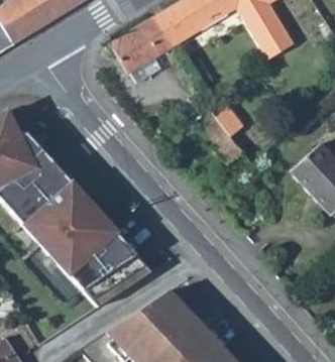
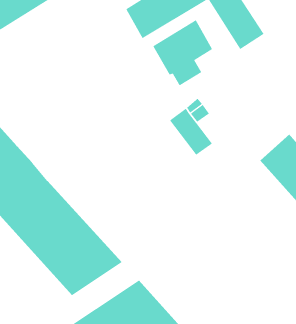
building: [110,15,172,83] -> [152,19,213,86]

